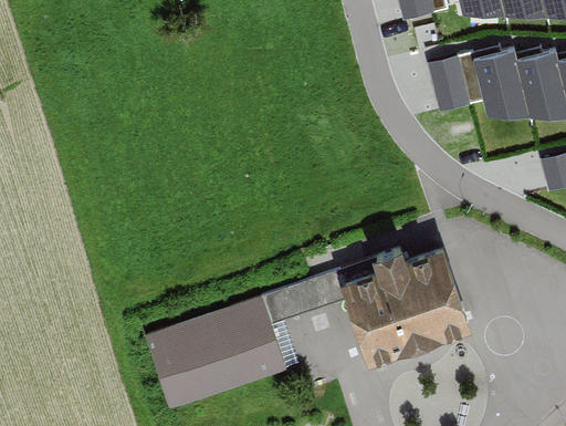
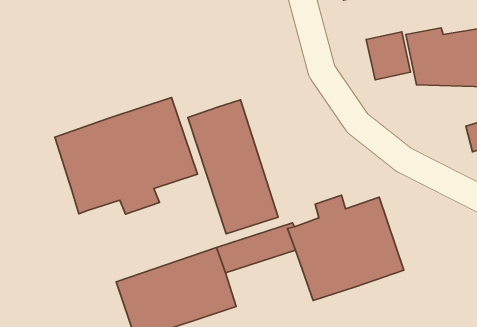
building: none -> [55,97,197,214]
building: none -> [188,100,278,234]

